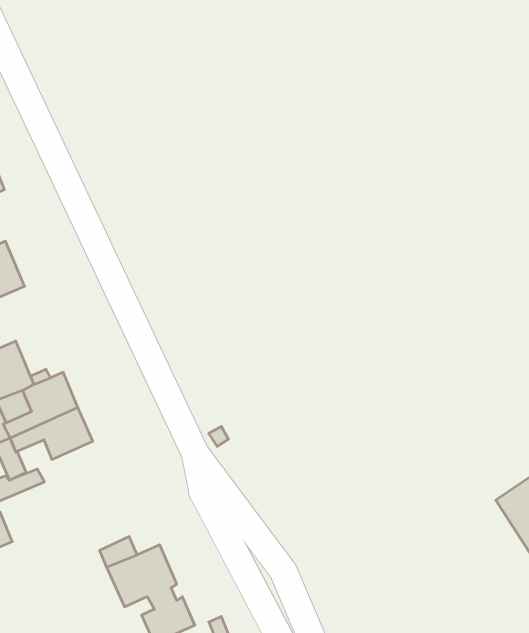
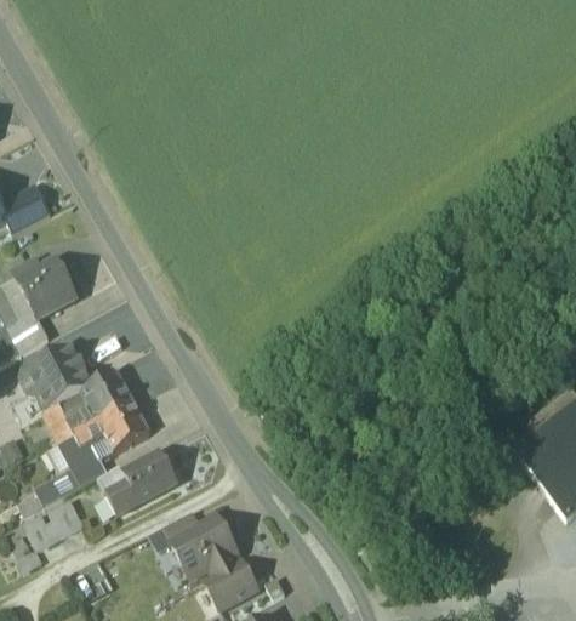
building: none -> [108,451,177,512]

